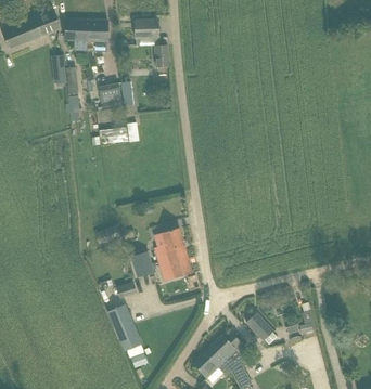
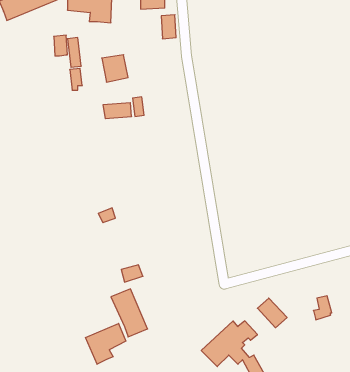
building: [154,228,192,281] -> none
building: [130,250,154,277] -> none
building: none -> [85,323,126,364]

